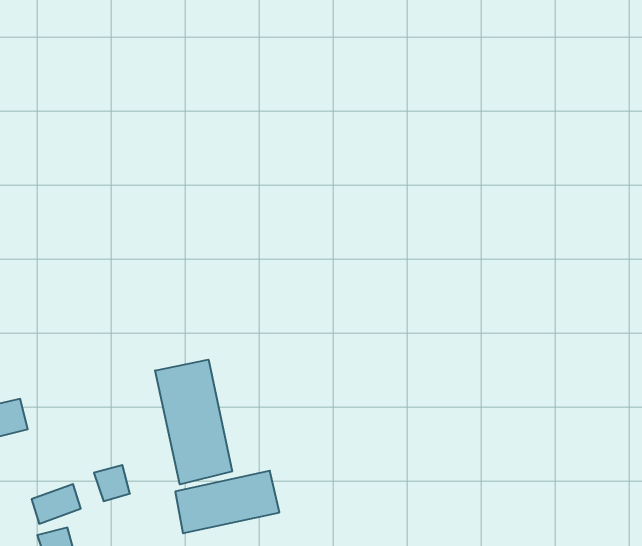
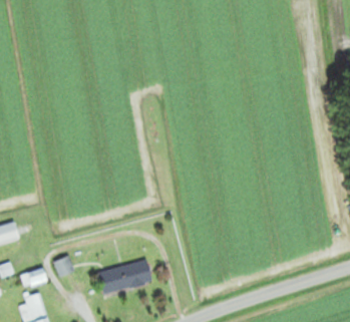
building: [155,360,232,484] -> none

